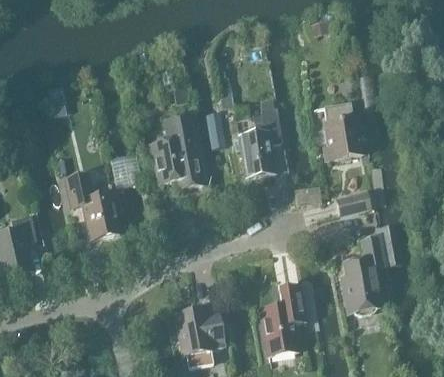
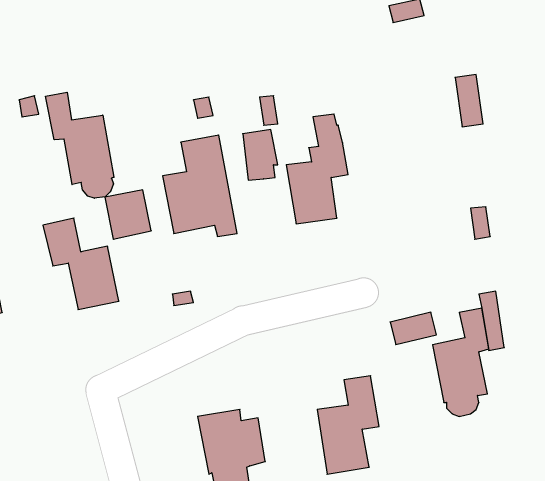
building: none -> [46,92,114,198]
building: [323,102,362,160] -> none
building: [337,192,370,215] -> [390,312,436,345]

